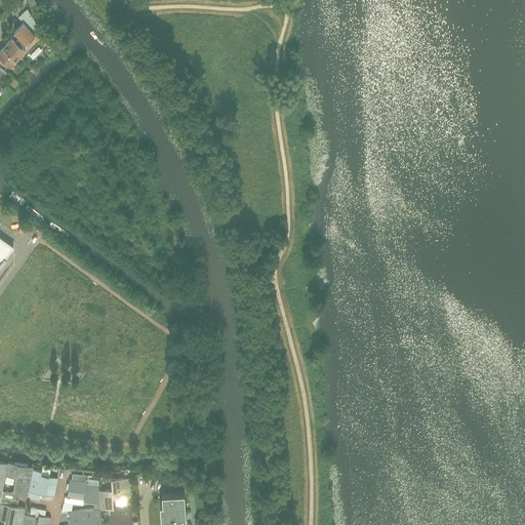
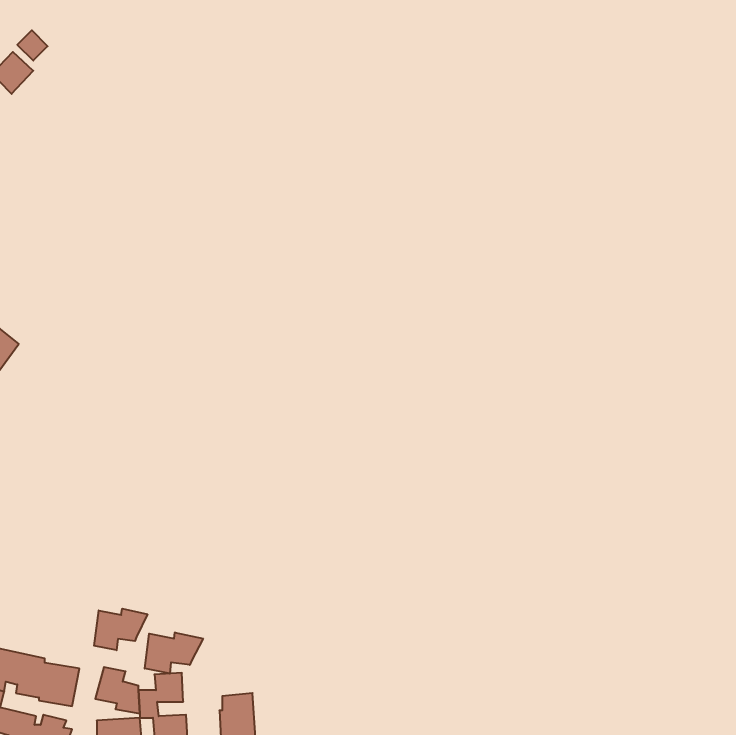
building: none -> [94,609,147,650]
building: none -> [145,632,203,674]

